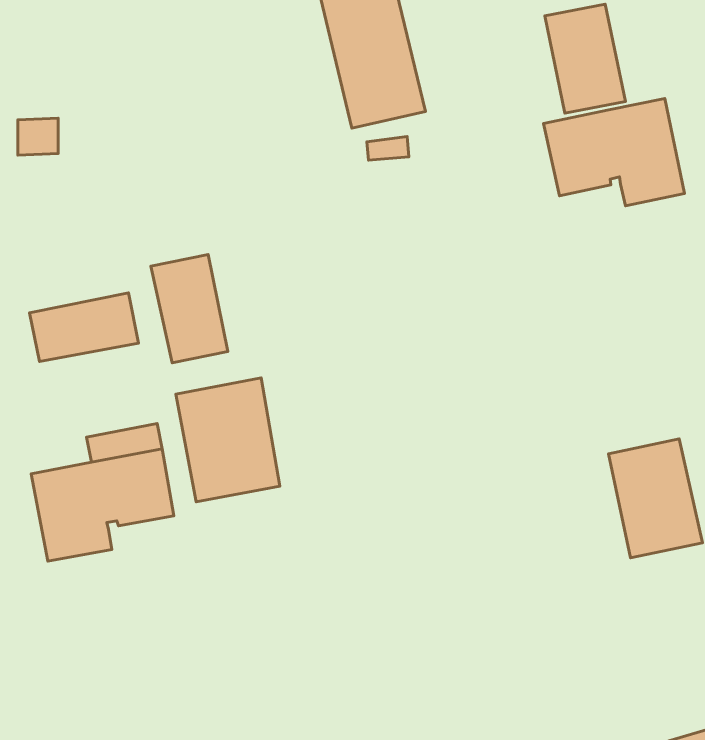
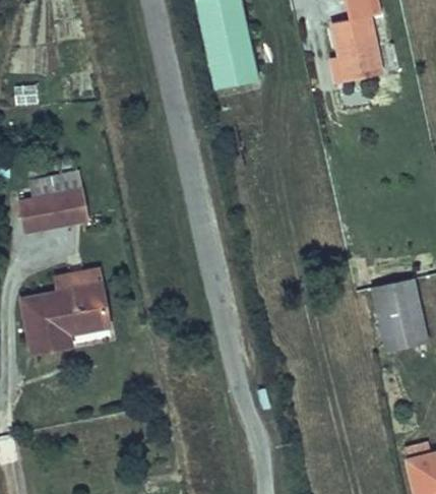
building: [544,99,684,206] -> none
building: [151,254,228,363] -> none
building: [176,378,280,502] -> none

